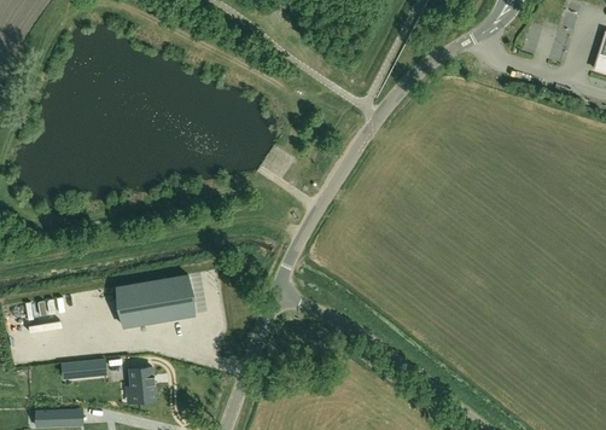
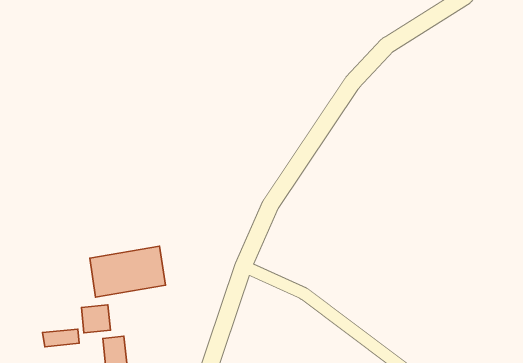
building: none -> [81,305,110,333]

